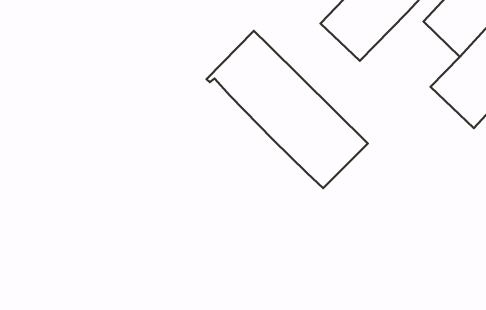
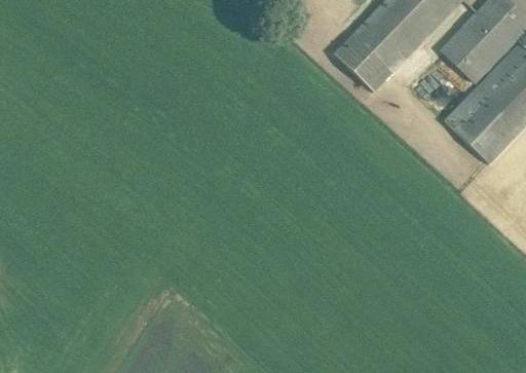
building: [207,31,368,188] -> none

